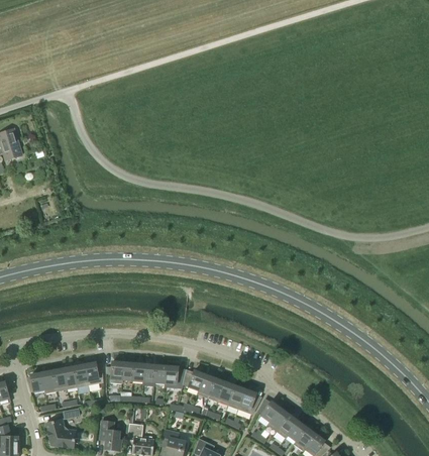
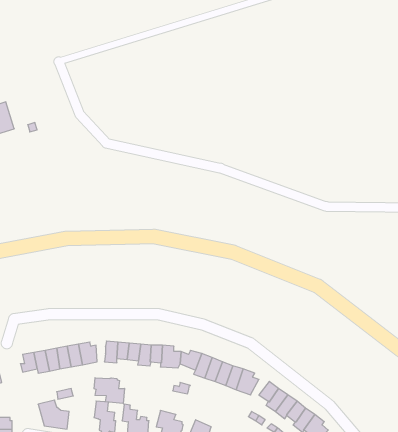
building: none -> [94,378,125,404]

